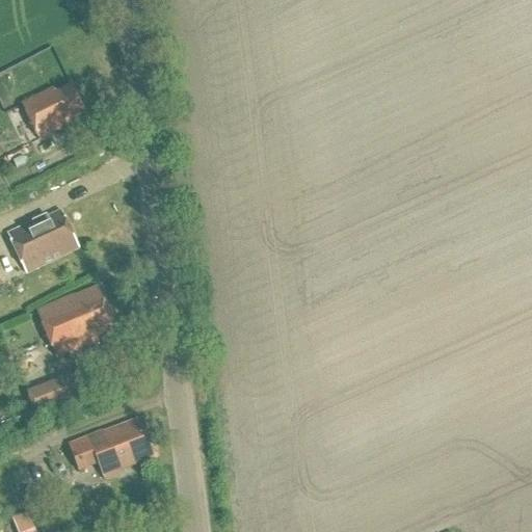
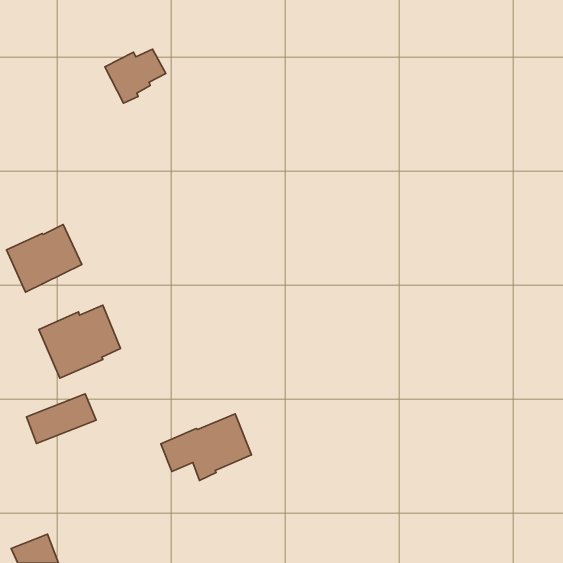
building: [27,85,84,136] -> [105,49,166,103]
building: [65,413,151,475] -> [161,414,252,480]

